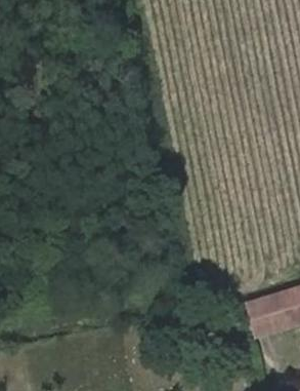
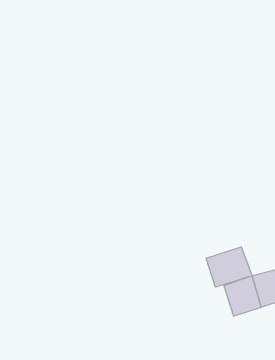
building: none -> [206,247,252,287]

